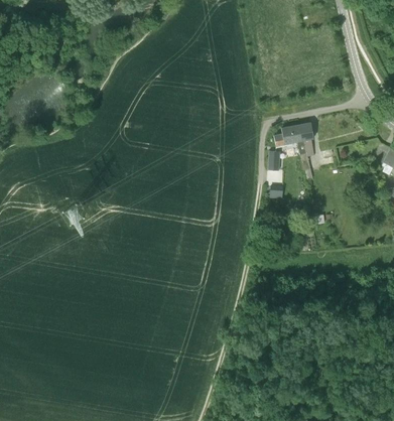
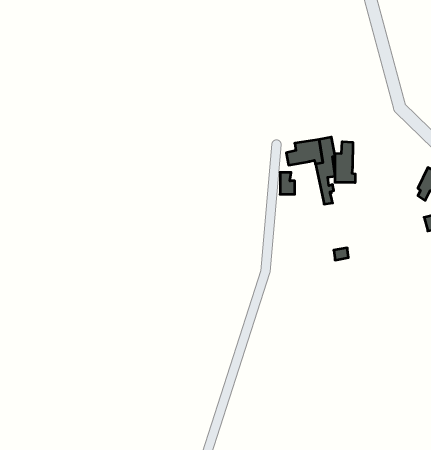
building: none -> [335,142,355,183]

